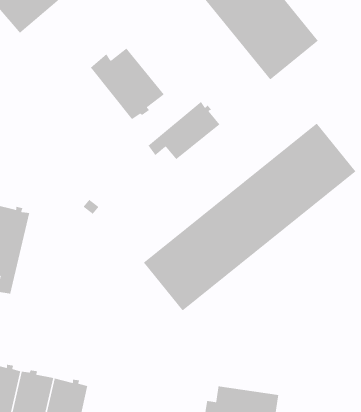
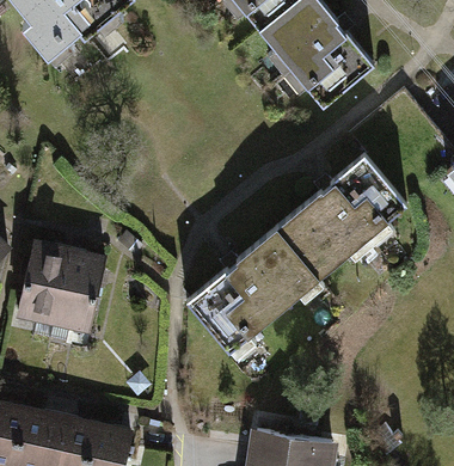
building: [90,47,165,120] -> none
building: [148,101,220,160] -> none
building: none -> [49,249,104,341]

